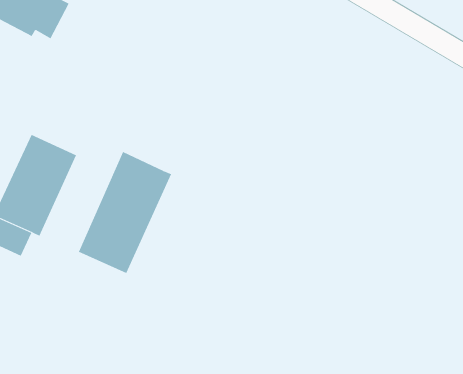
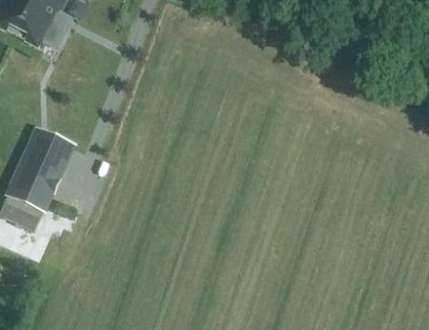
building: [78,151,172,274] -> none

